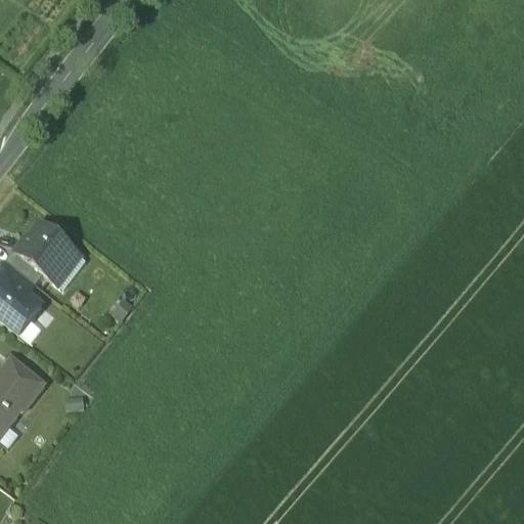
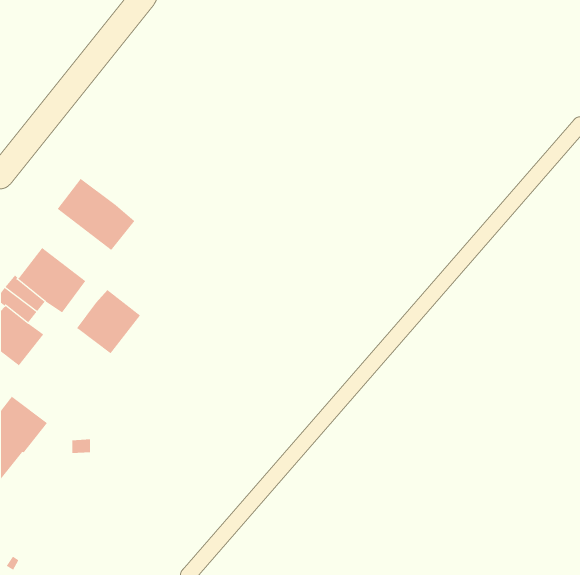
building: none -> [57,178,135,251]
building: none -> [76,289,141,354]

